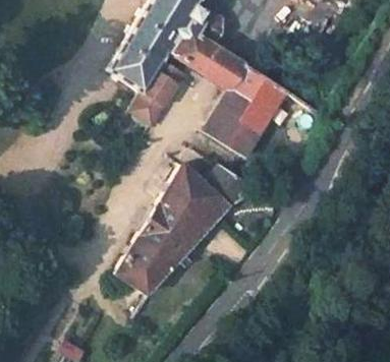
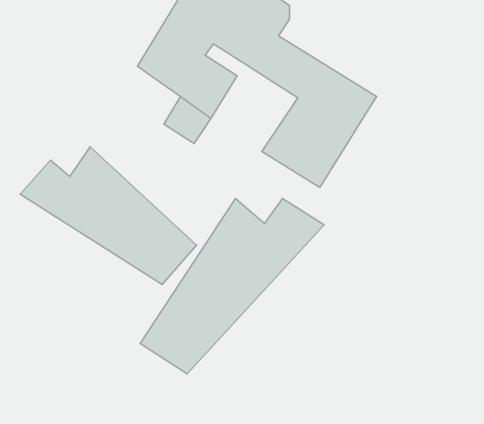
building: none -> [20,147,197,285]

